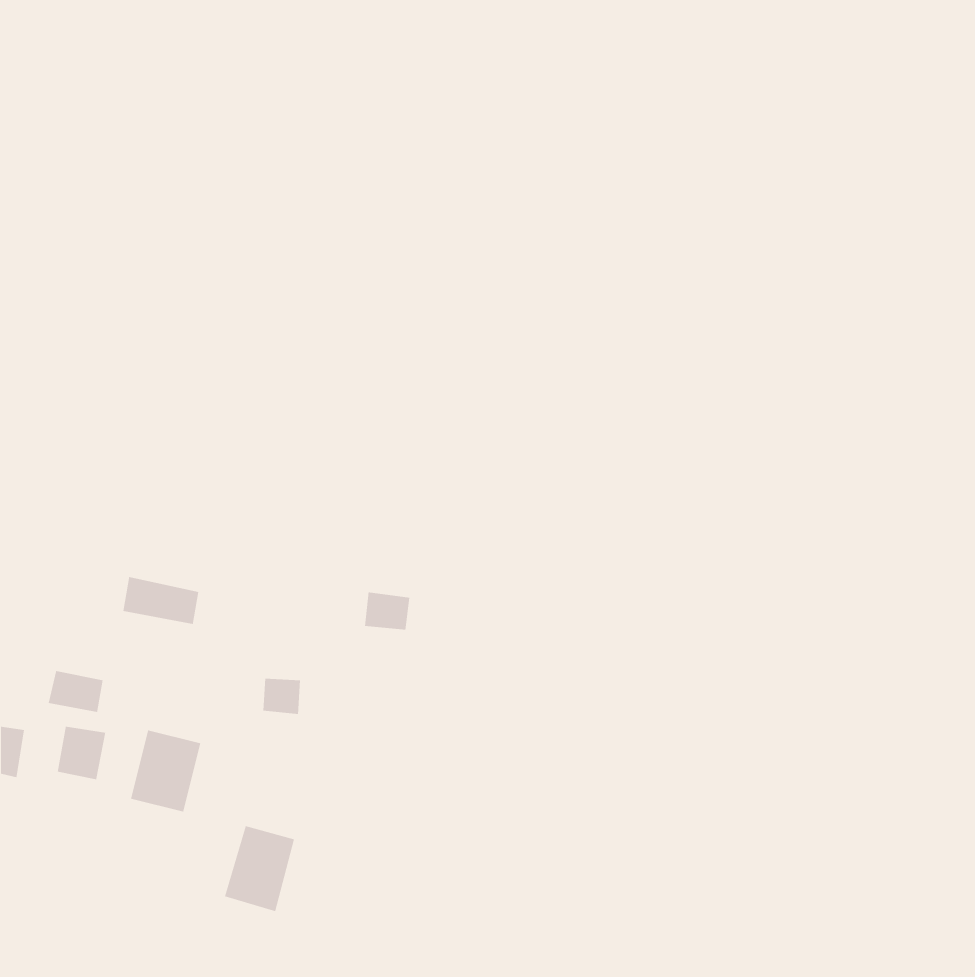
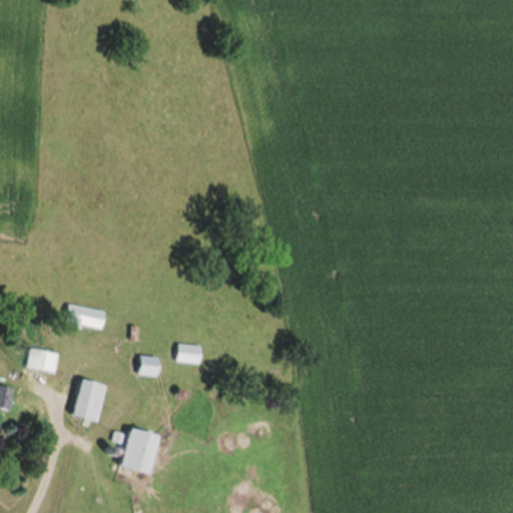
building: [364,592,410,630] -> [177,342,201,362]
building: [57,726,106,780] -> none

